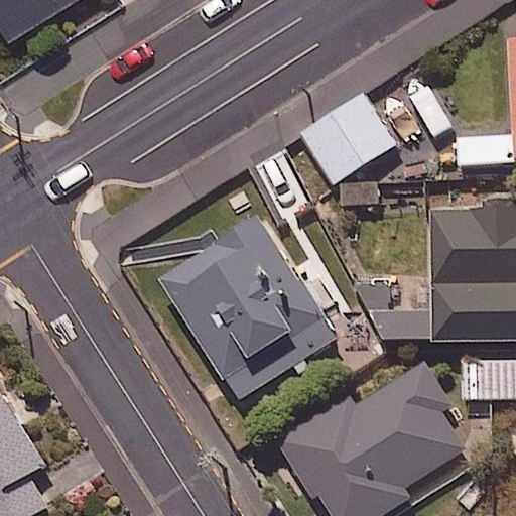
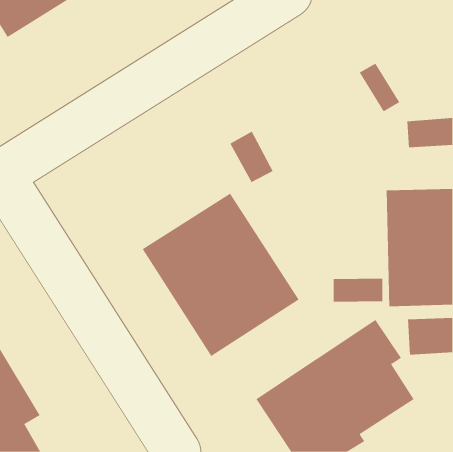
building: [299,91,396,183] -> none

